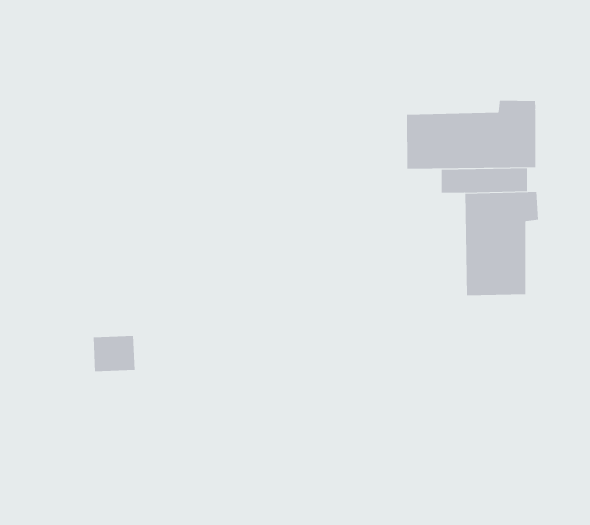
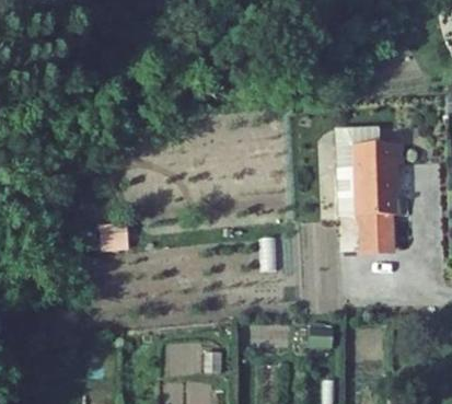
building: [407,100,536,170] -> none
building: none -> [357,205,399,238]

